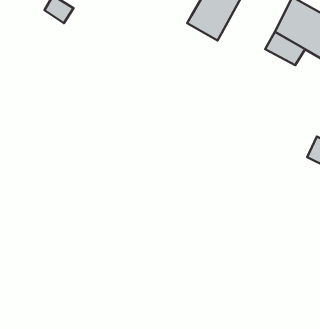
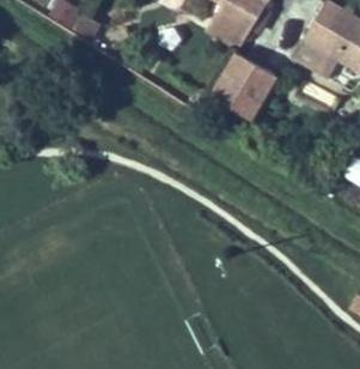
building: none -> [210,54,276,121]

